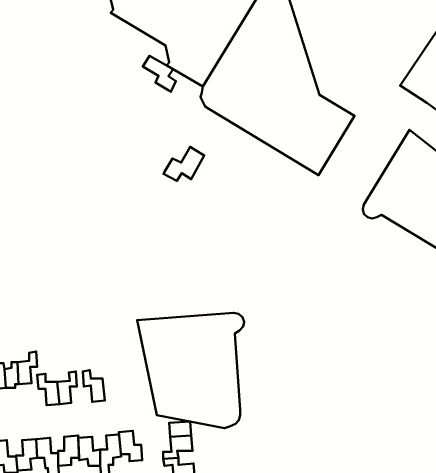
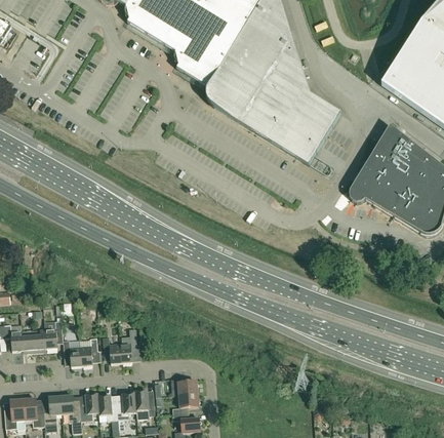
building: [143,56,176,92] -> none
building: [163,147,204,181] -> none
building: [137,313,244,428] -> none
building: none -> [120,326,137,361]

